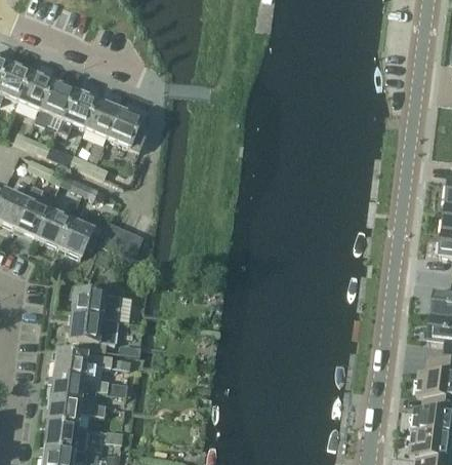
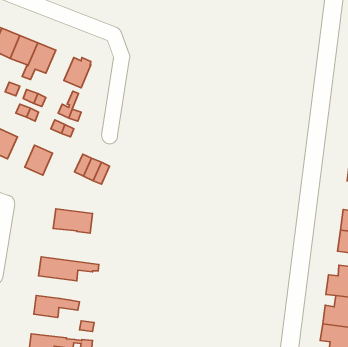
building: [57,90,97,134] -> none
building: [107,109,146,153] -> none
building: [14,185,52,237] -> none
building: [58,220,102,258] -> none
building: [69,314,106,352] -> none
building: [50,374,128,404] -> none
building: [44,422,91,452] -> none

